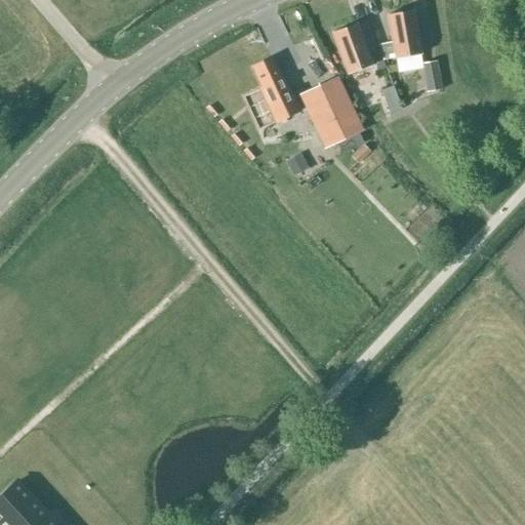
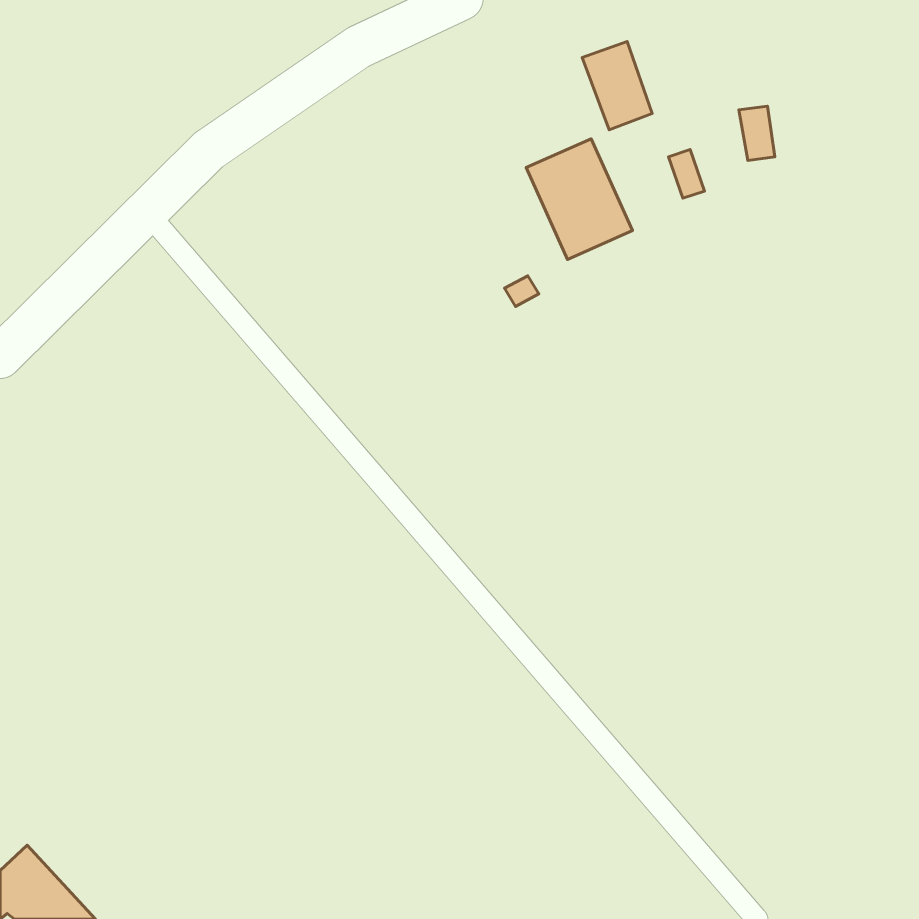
building: [388,10,421,58] -> none
building: [252,57,301,122] -> none

